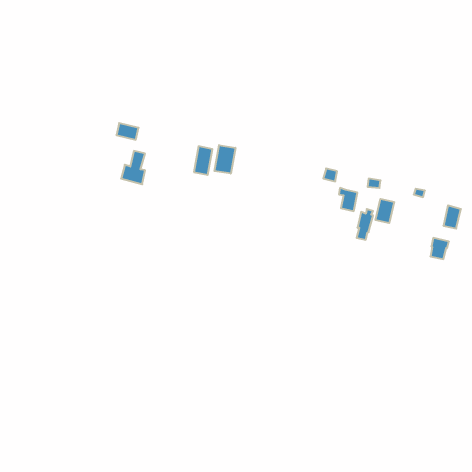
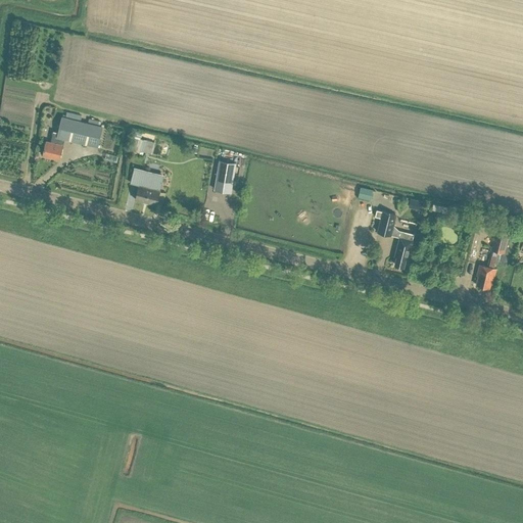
building: none -> [42,118,103,160]
building: [214,145,235,174] -> none
building: [375,199,394,223] -> none

